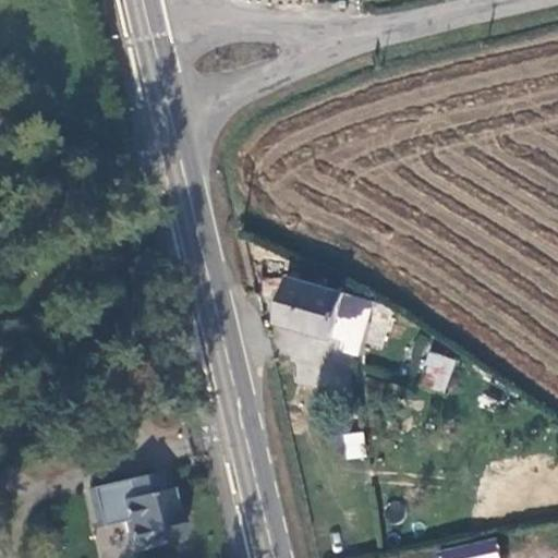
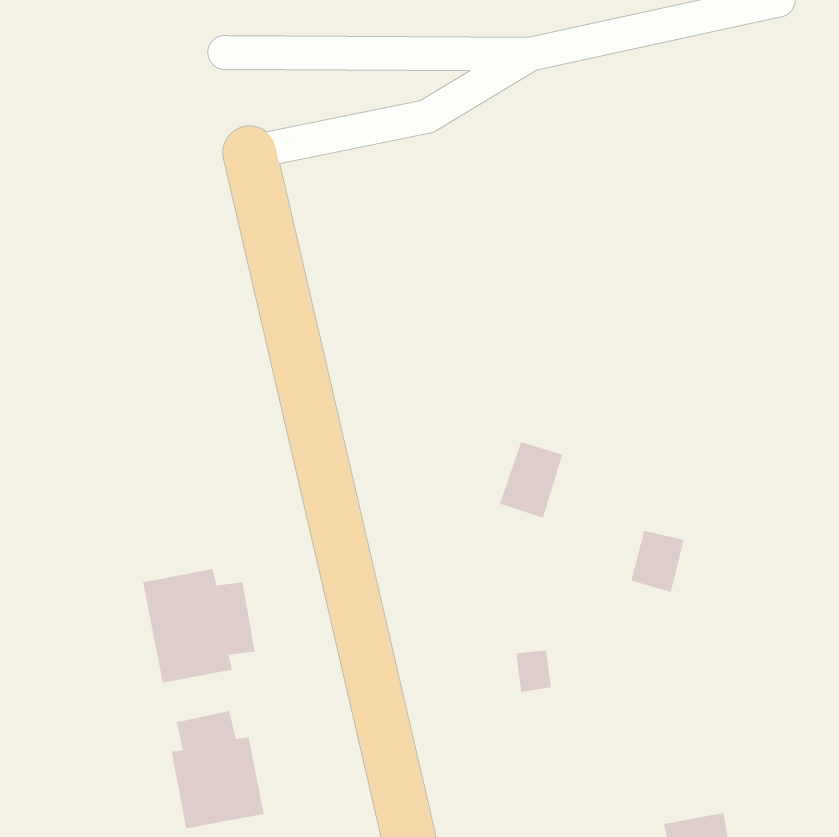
building: [277,277,345,336] -> none
building: none -> [143,568,255,684]

